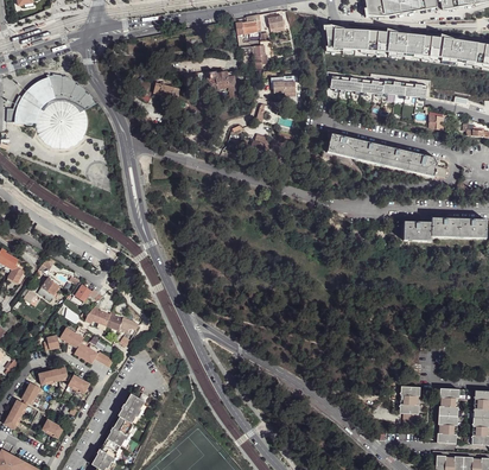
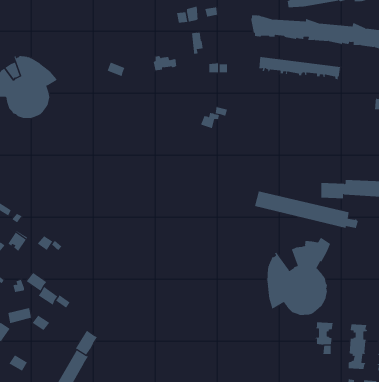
building: [325,132,447,176] -> [254,191,359,229]
building: none -> [267,237,331,316]
building: [88,305,139,334] -> none

